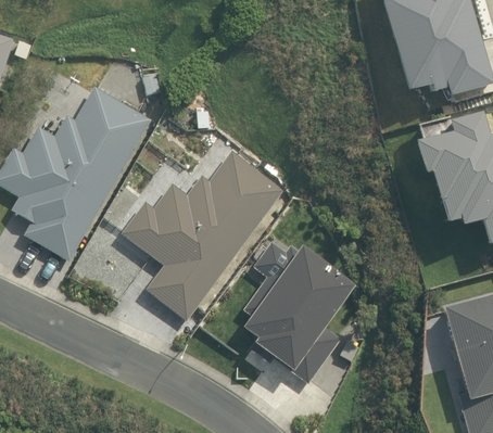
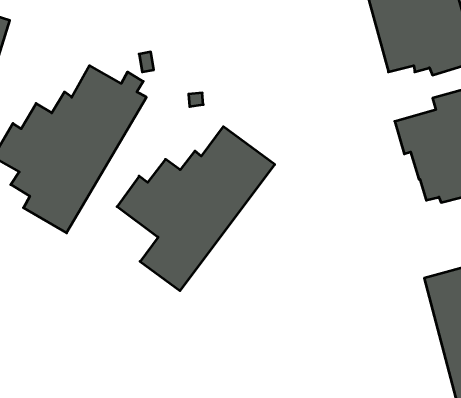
building: [242,244,355,382] -> none

